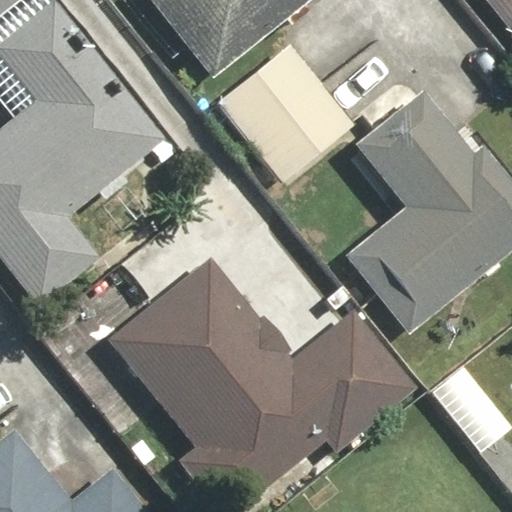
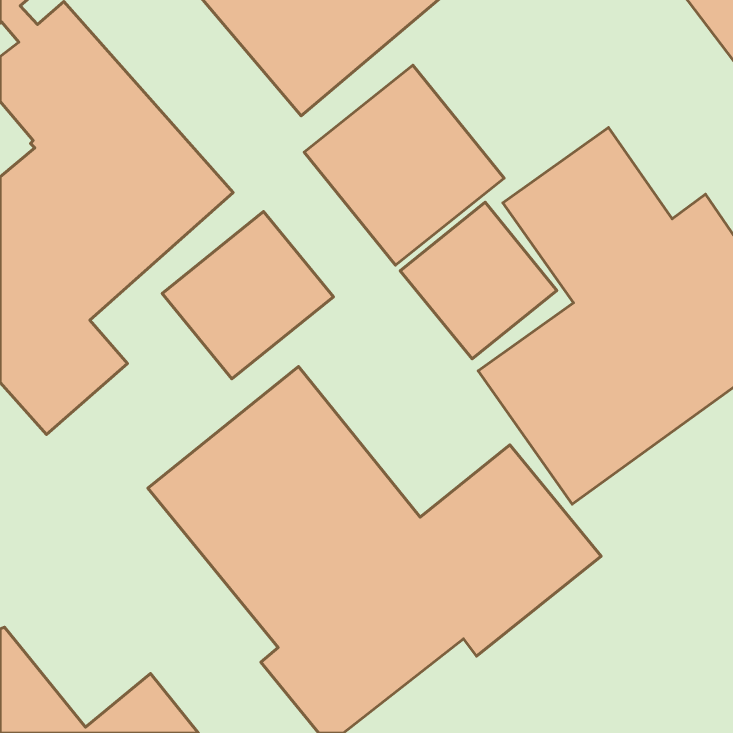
building: none -> [400,202,557,359]
building: none -> [162,212,333,379]

